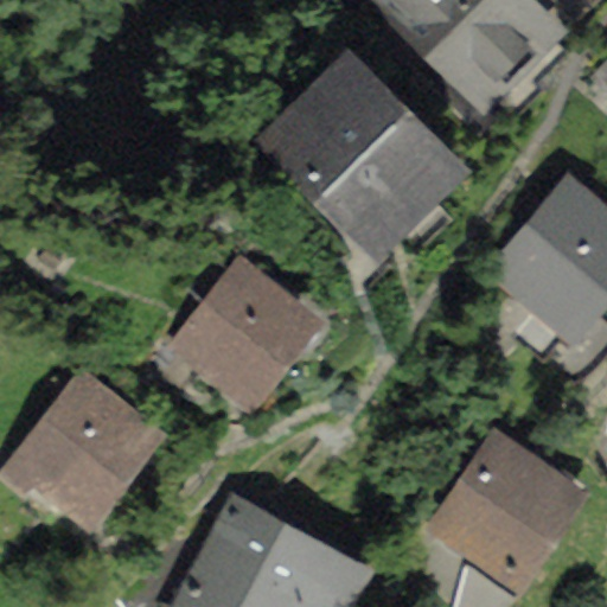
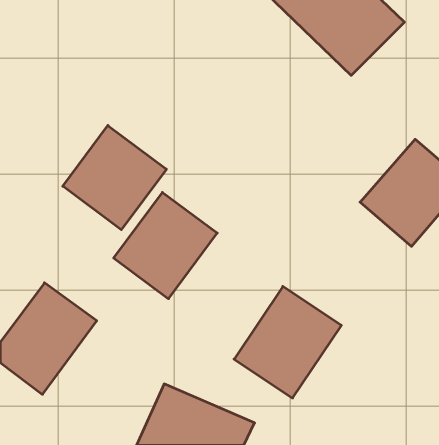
building: [263,56,451,241] -> none
building: none -> [63,125,166,230]
building: [441,439,584,588] -> [234,286,341,398]

